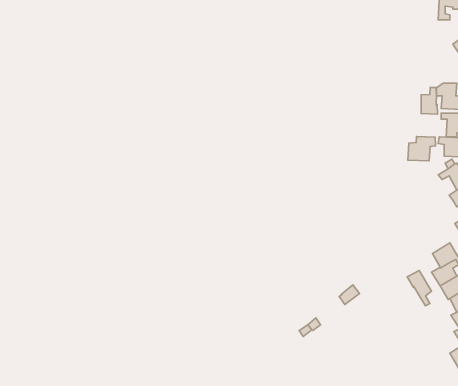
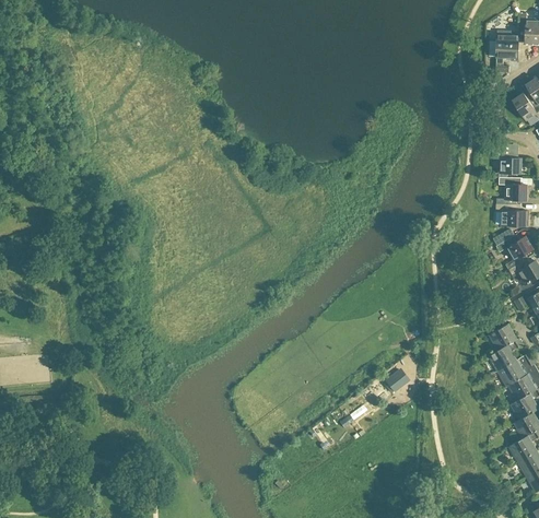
building: [421,88,437,114] -> none
building: [408,136,436,161] -> none
building: [407,270,432,306] -> none

